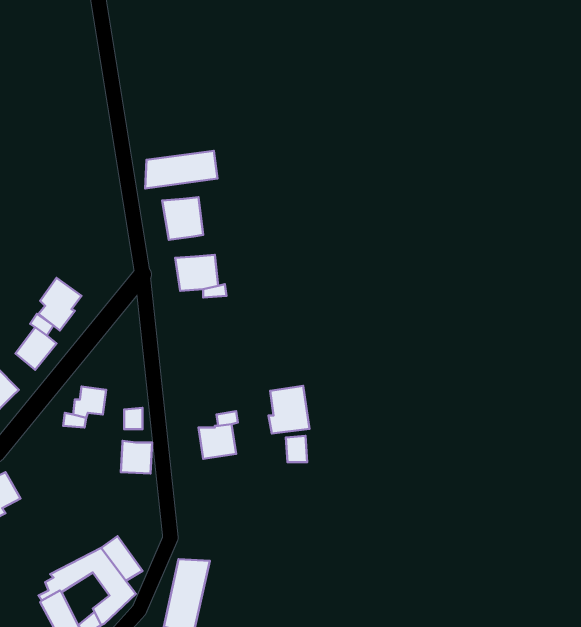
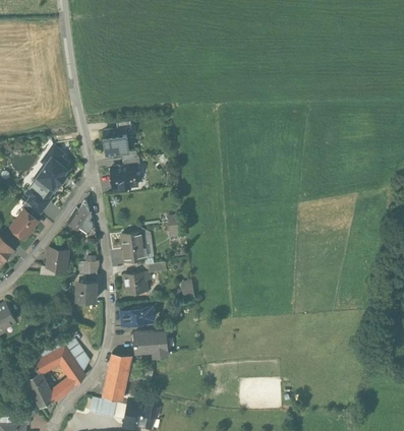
building: [145,151,217,188] -> none
building: none -> [38,150,69,192]
building: none -> [67,202,94,235]
building: [268,386,310,434] -> [121,231,147,260]
building: none -> [122,307,154,323]
building: none -> [134,332,168,358]

